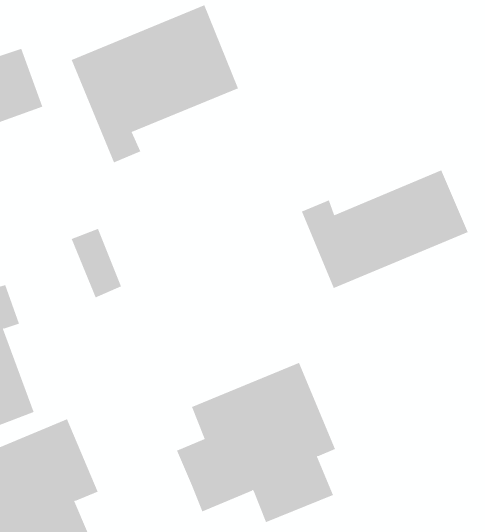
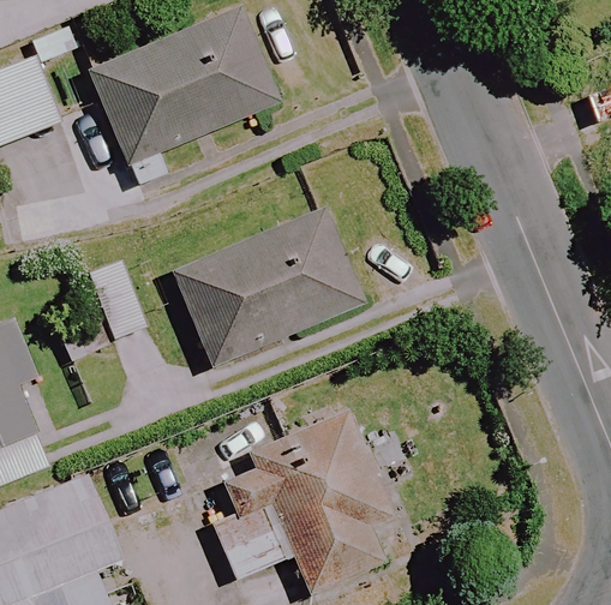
building: [301,170,468,289] -> none
building: none -> [173,208,365,366]

